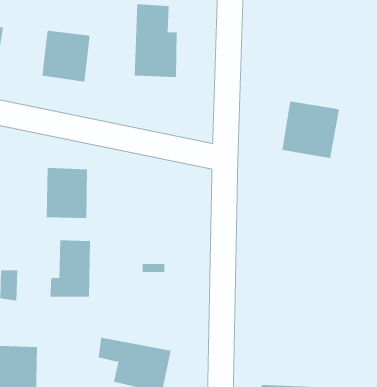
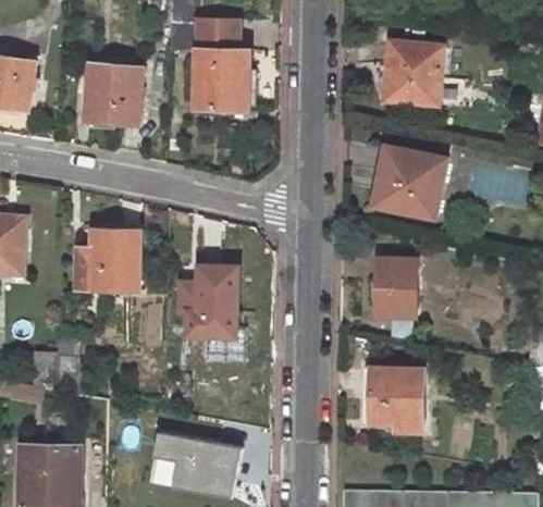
building: none -> [384,40,442,101]
building: none -> [375,257,418,314]
building: [50,240,91,297] -> [186,264,236,334]
building: none -> [363,364,423,428]

